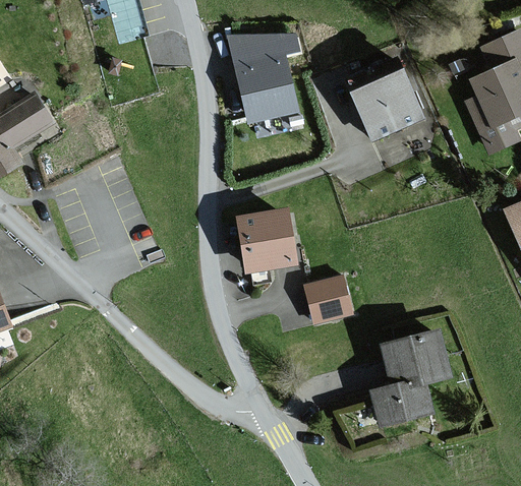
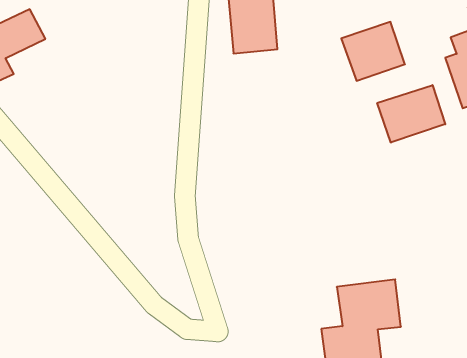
building: none -> [377,85,445,143]
building: [234,208,294,274] -> none
building: [306,276,355,324] -> none

